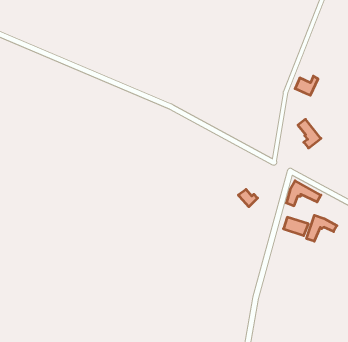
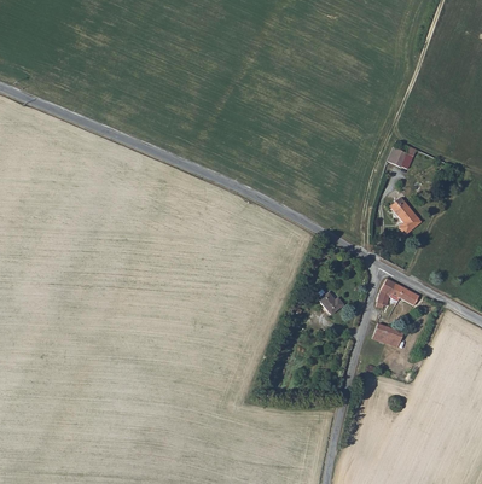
building: [307,215,337,241] -> none

